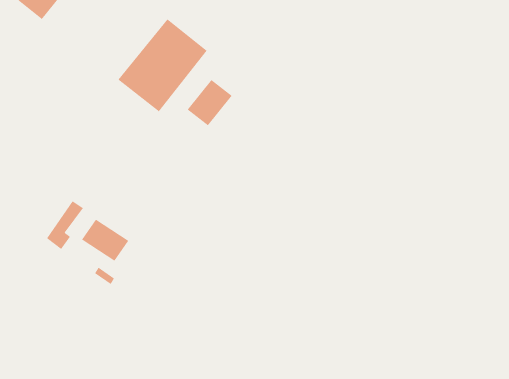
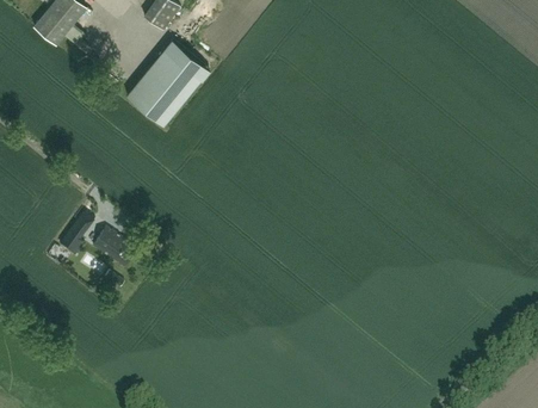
building: [187,79,233,126] -> none

